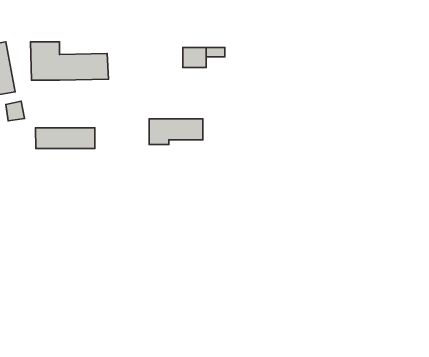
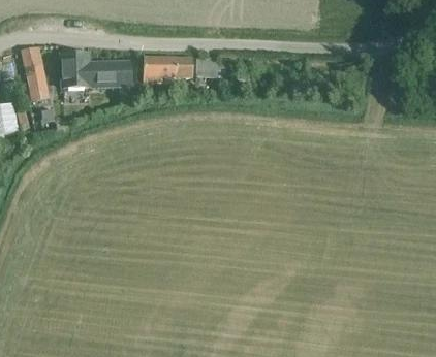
building: [149,119,203,144] -> [146,58,193,80]
building: [35,128,95,148] -> none

